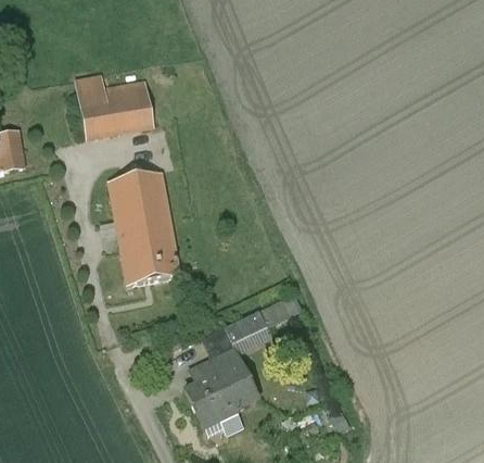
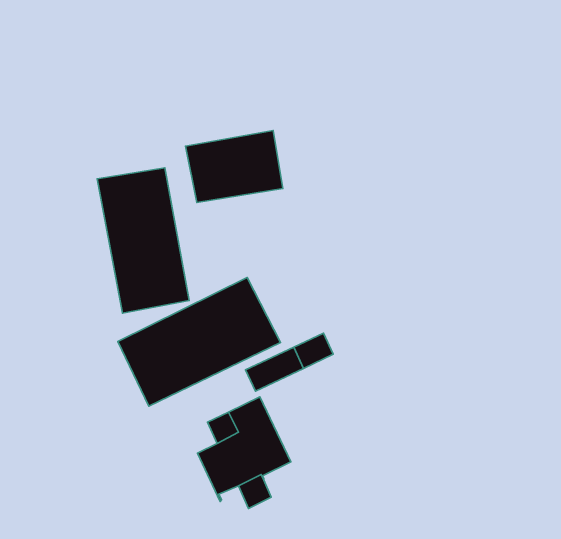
building: [78,80,153,136] -> [185,131,283,203]
building: none -> [118,277,281,406]

